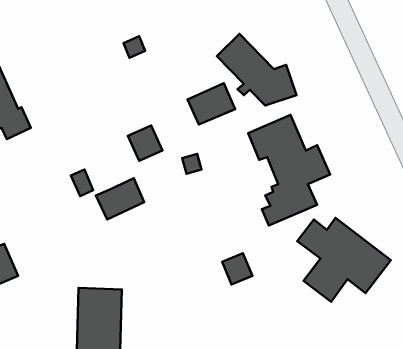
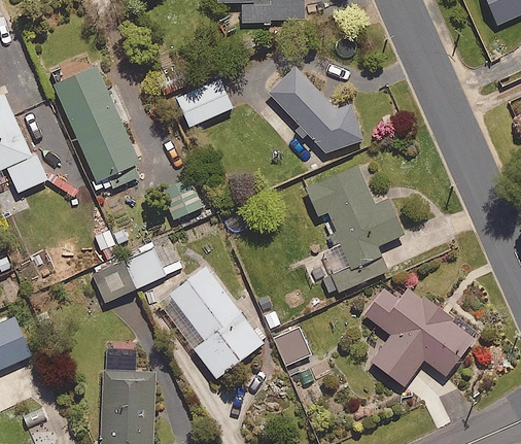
building: none -> [53,66,143,190]
building: [188,83,235,125] -> [176,77,233,127]
building: none -> [92,260,137,303]
building: none -> [159,267,263,378]

